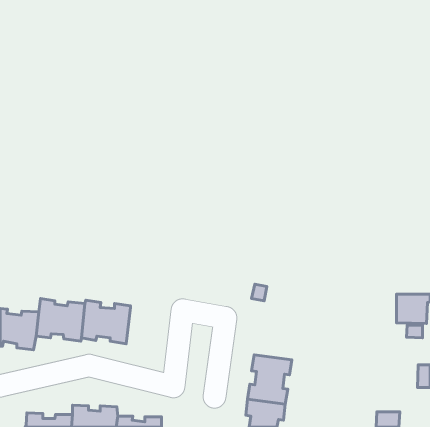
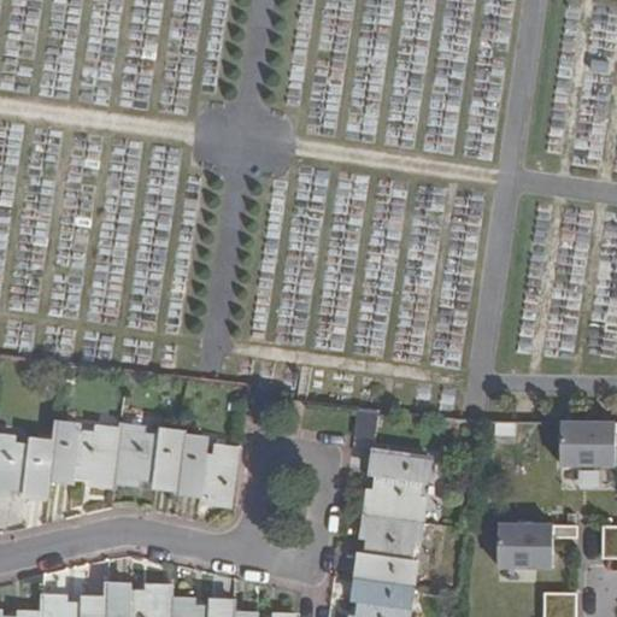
building: none -> [180,441,242,506]
building: none -> [364,452,425,516]
building: none -> [505,522,574,565]

